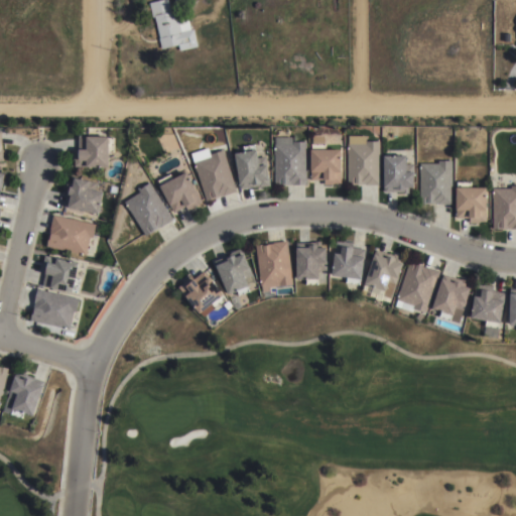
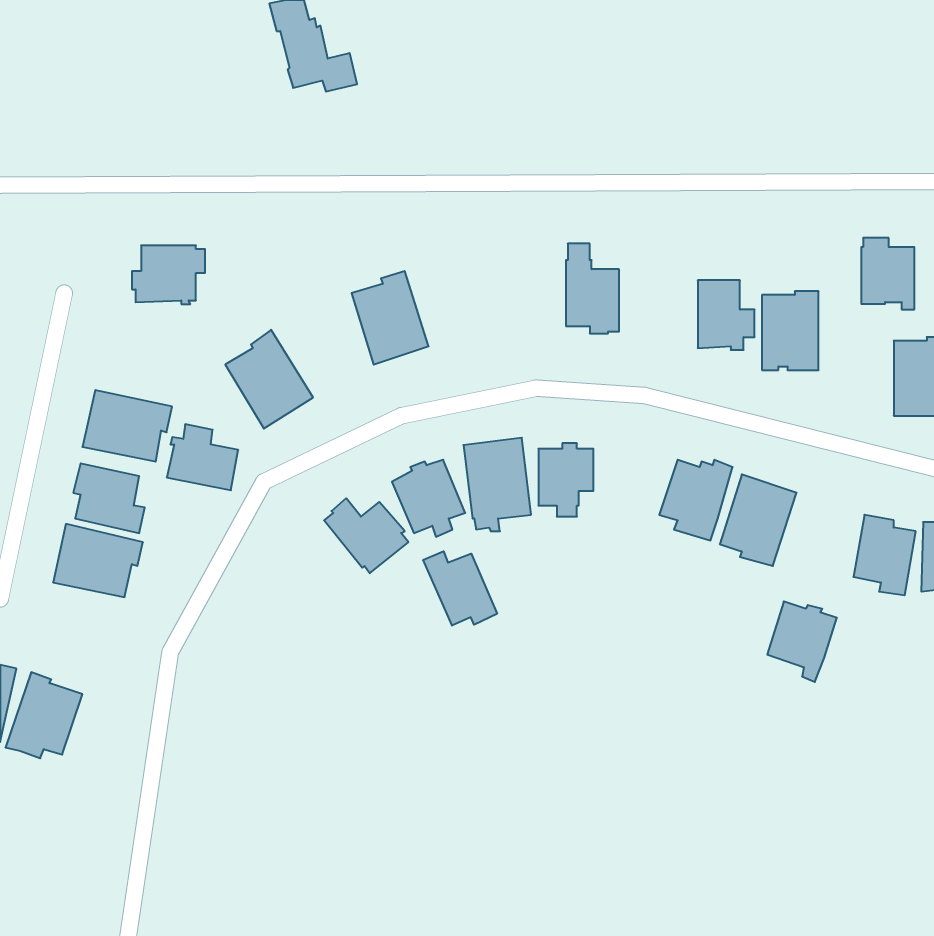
building: [349,135,381,183] -> none
building: [275,140,307,184] -> none
building: [235,143,271,187] -> none
building: [159,170,203,212] -> none
building: [63,176,103,213] -> [167,424,238,490]
building: [457,181,486,221] -> [861,238,914,309]
building: [331,241,366,284] -> none
building: [432,278,471,322] -> [767,601,837,682]
building: none -> [423,551,497,626]

